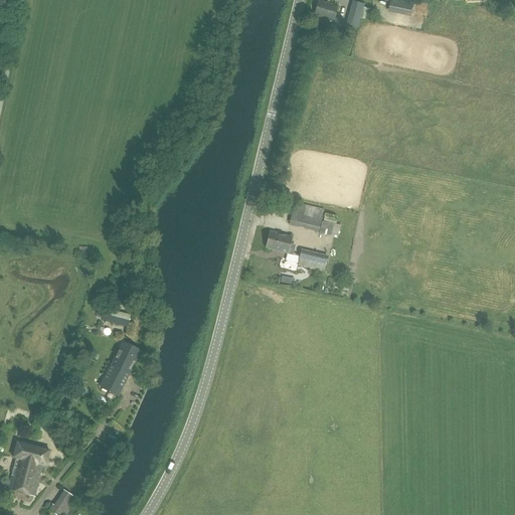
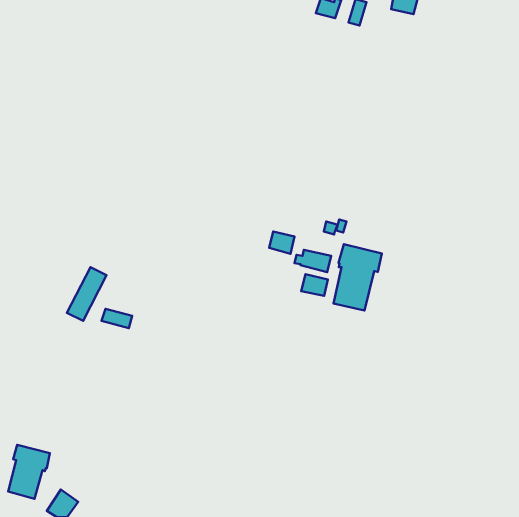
building: [289,205,323,230] -> none
building: none -> [334,244,382,311]
building: none -> [301,274,328,296]
building: [101,340,140,393] -> [67,267,107,321]

